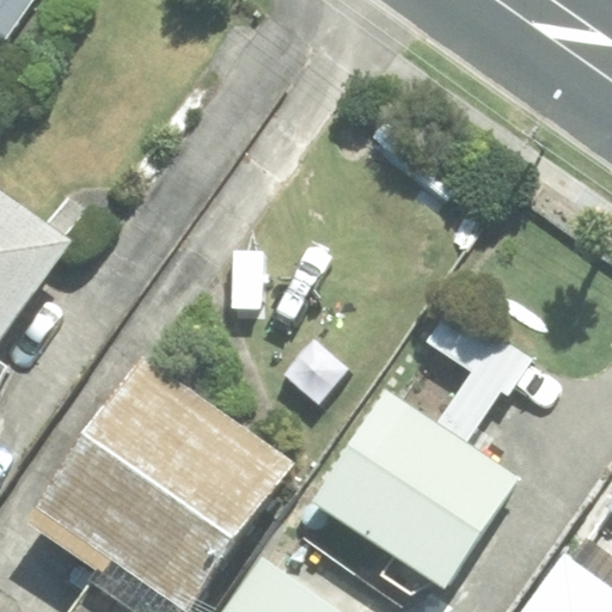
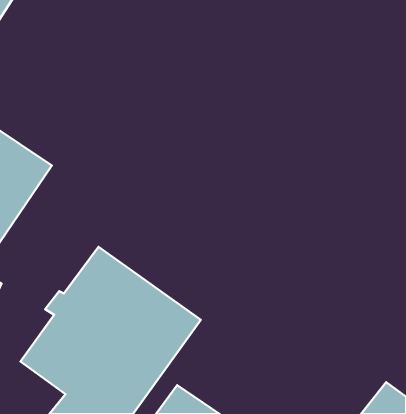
building: [313,307,522,592] -> none

